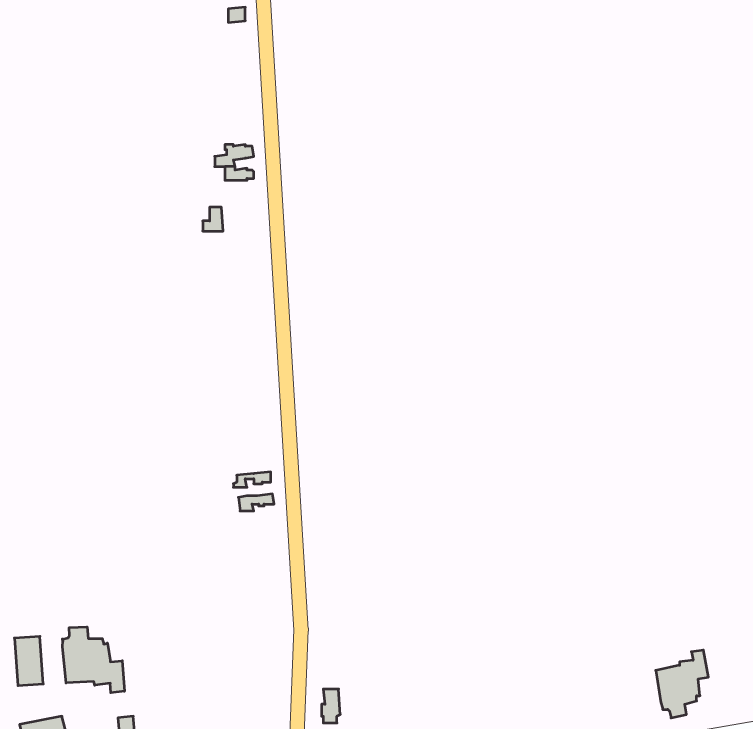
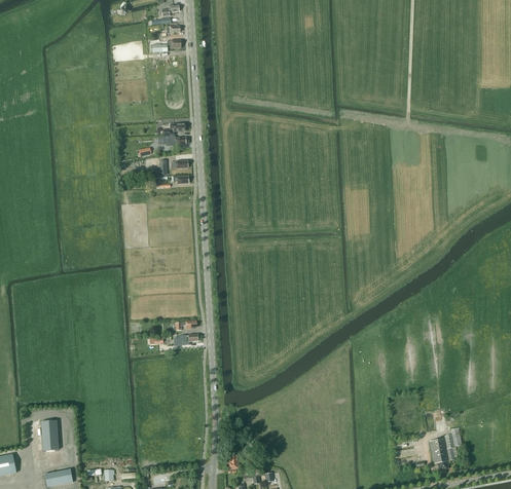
building: [62,627,124,693] -> none

